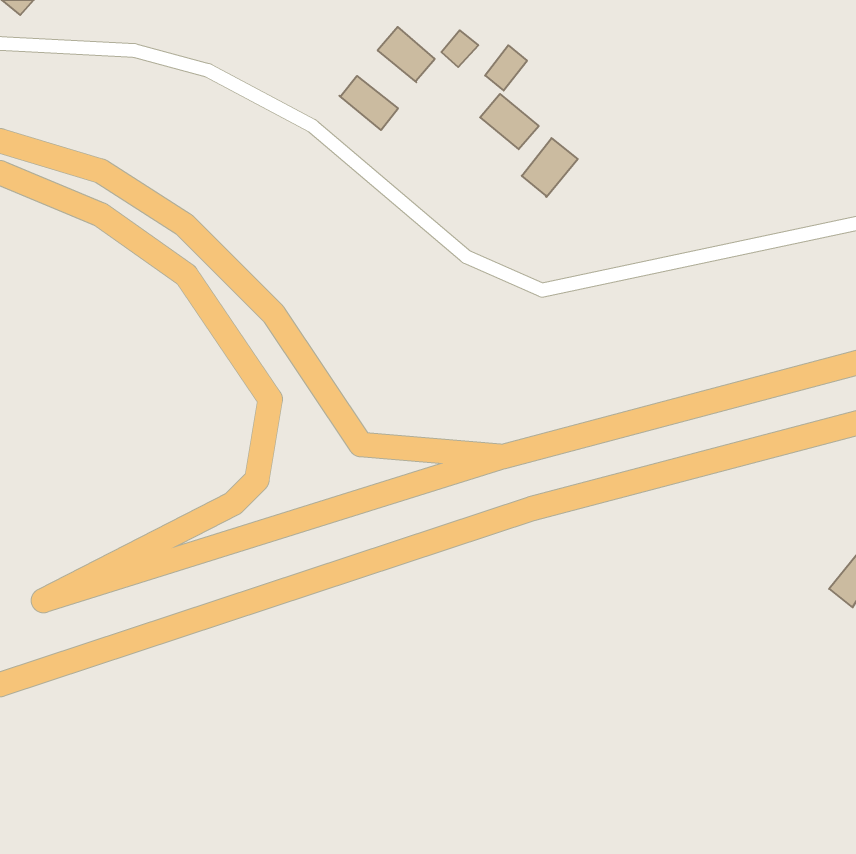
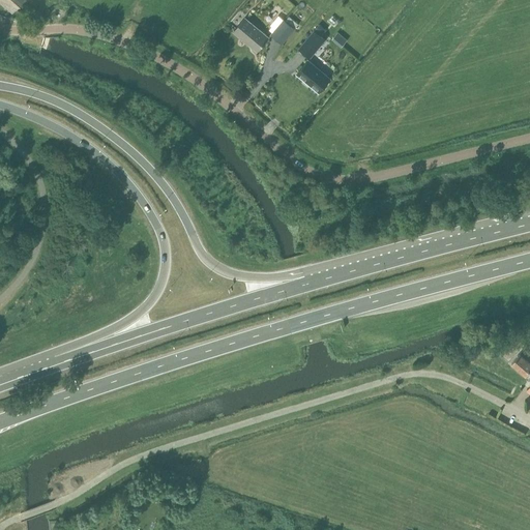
building: [339,76,398,130] -> none
building: [522,138,578,197] -> none

